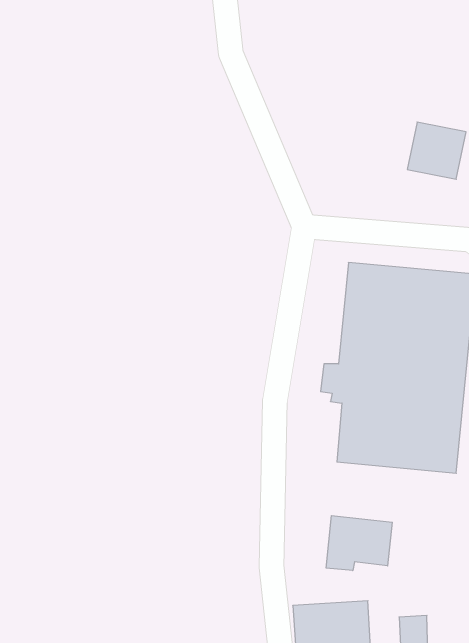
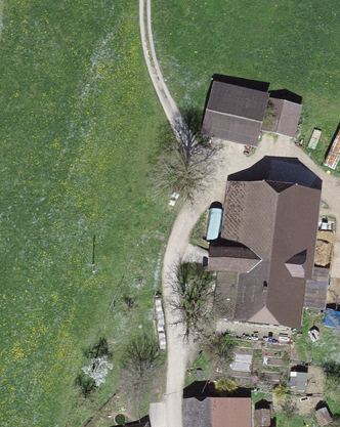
building: none -> [213,86,266,136]
building: [326,516,392,571] -> none

